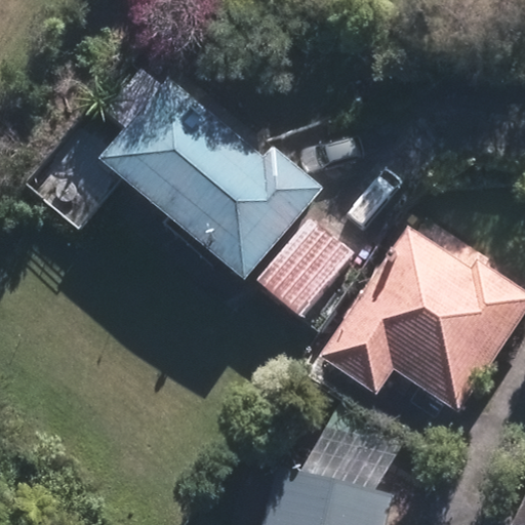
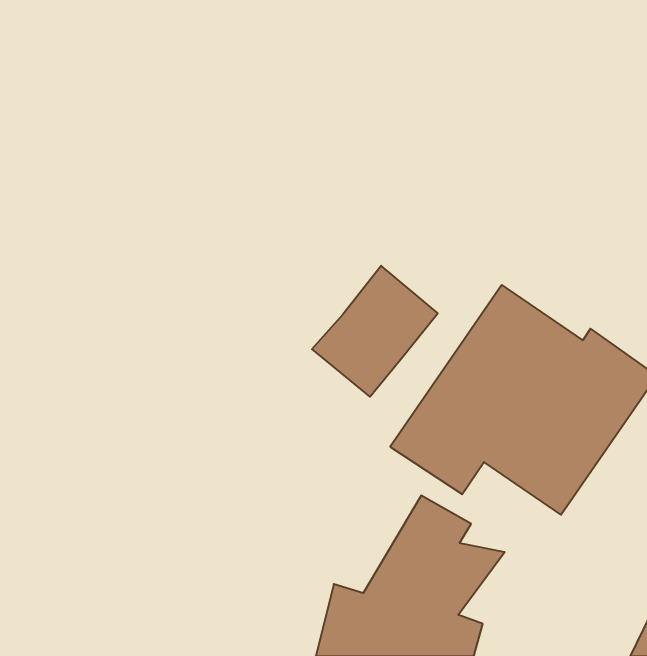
building: [99,80,322,281] -> none

